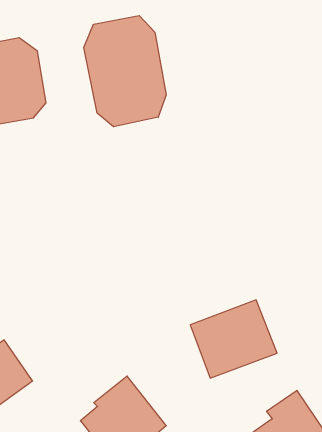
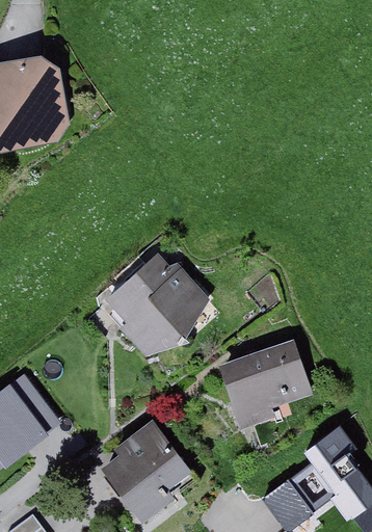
building: [84,16,166,127] -> none
building: none -> [109,255,210,360]

